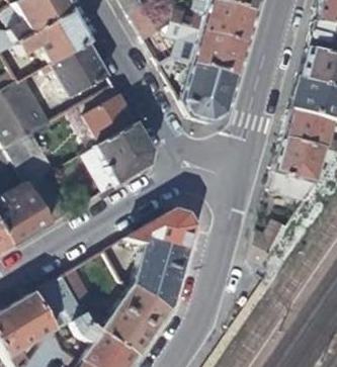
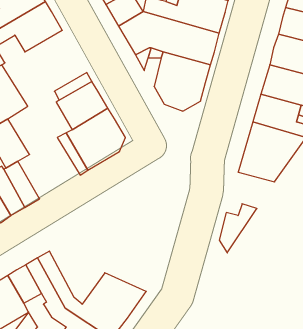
building: [45,41,108,98] -> none
building: [103,208,195,309] -> none

